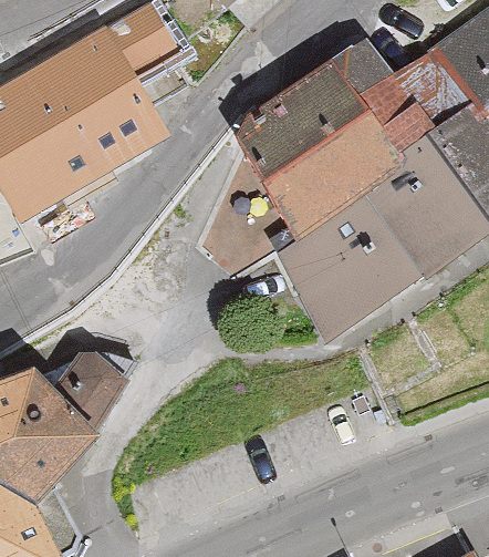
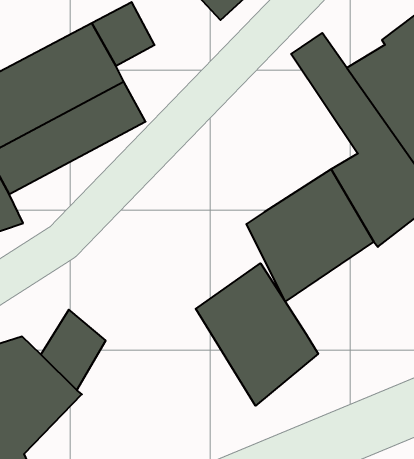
building: [243,61,404,237] -> none
building: none -> [196,263,318,406]

